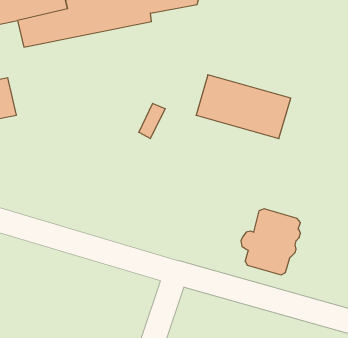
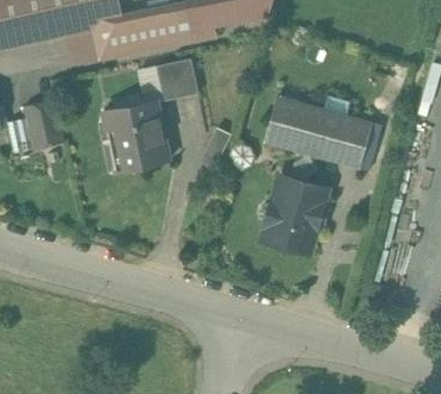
building: none -> [156,58,199,100]
building: none -> [103,95,169,171]
building: [241,209,300,275] -> [259,177,326,251]

